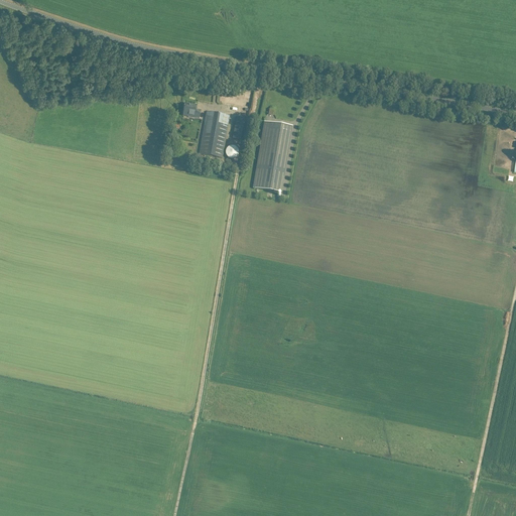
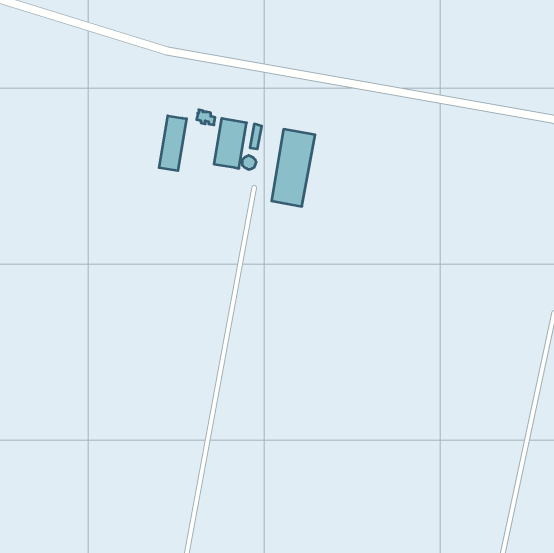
building: none -> [159,116,187,171]

